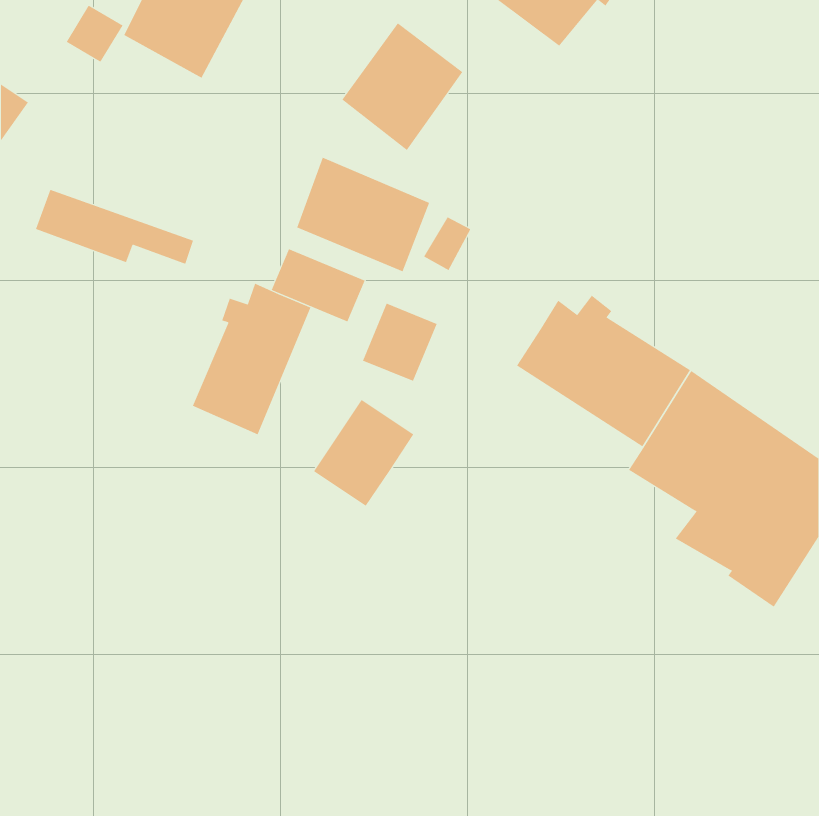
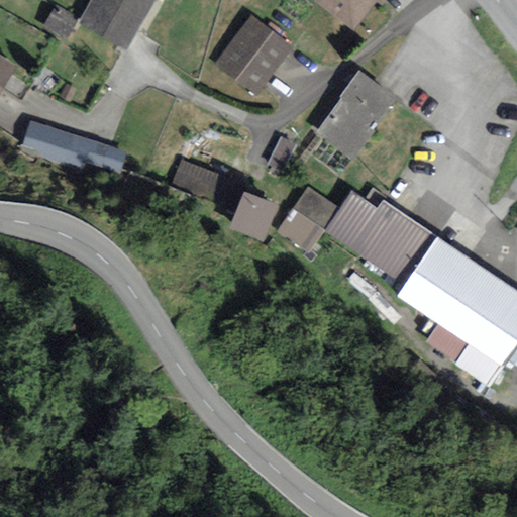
building: none -> [316,77,393,160]
building: [296,157,430,272] -> none
building: [192,283,311,435] -> none
building: [313,399,414,506] -> [277,185,340,252]

